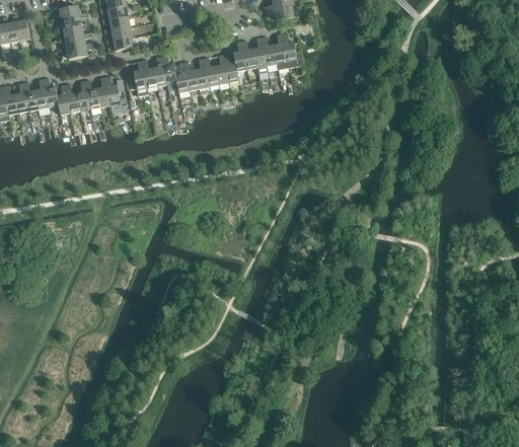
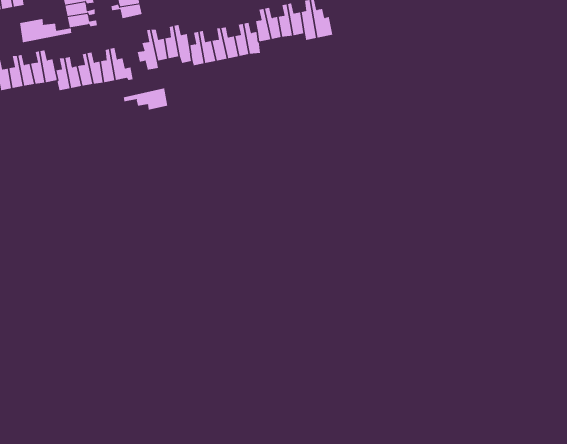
building: none -> [19,18,72,43]
building: none -> [123,87,168,110]

